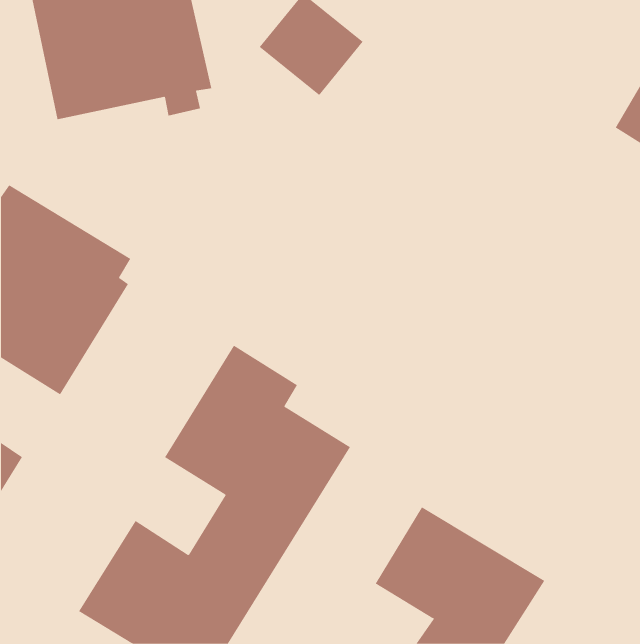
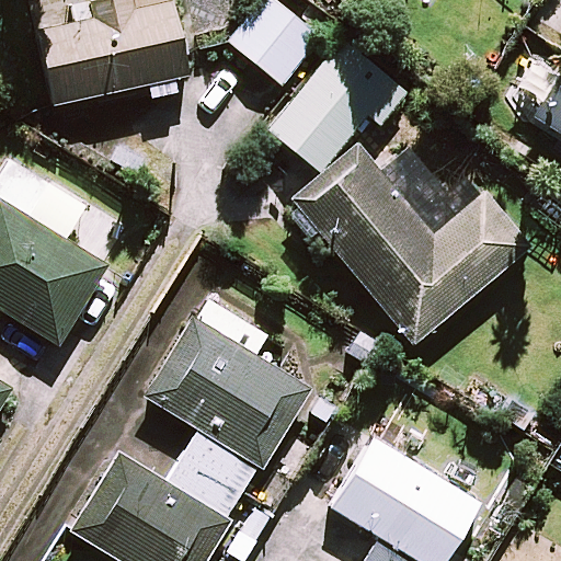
building: none -> [268,41,407,172]
building: none -> [295,148,530,343]

